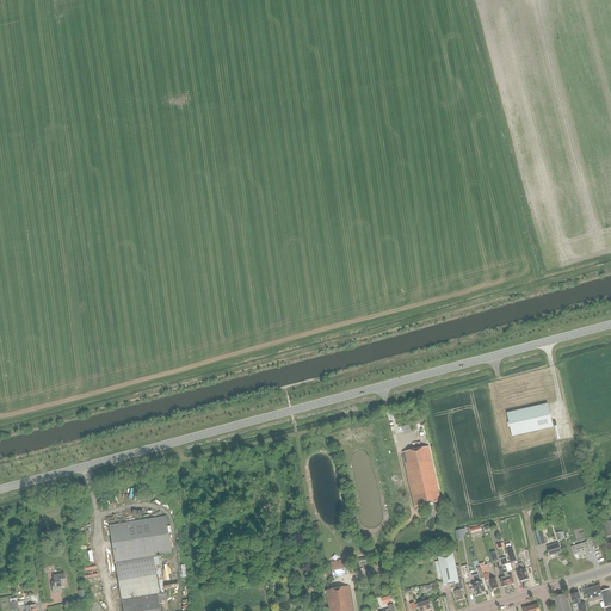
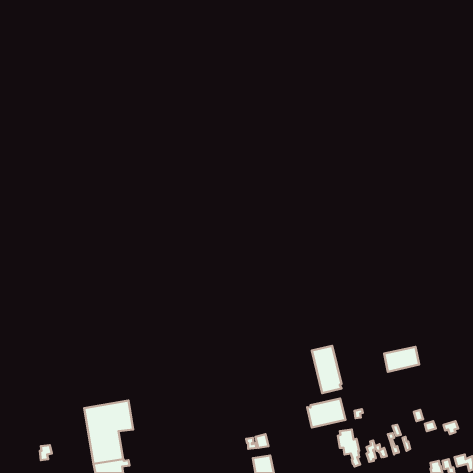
building: [507,403,553,436] -> [384,347,419,372]
building: none -> [307,399,345,428]

